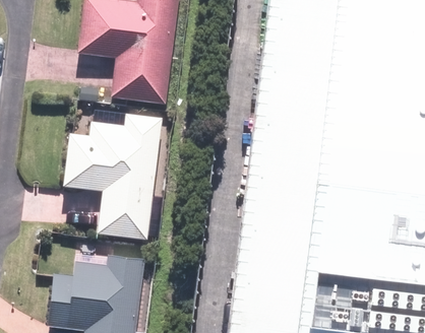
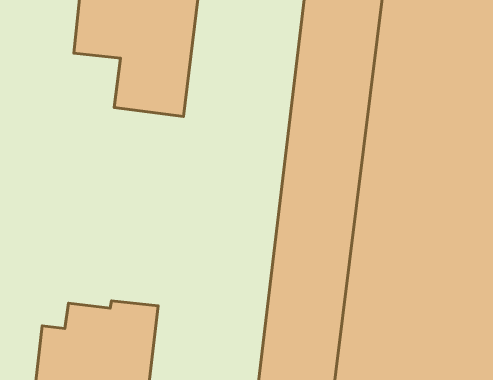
building: [63,113,166,240] -> none

